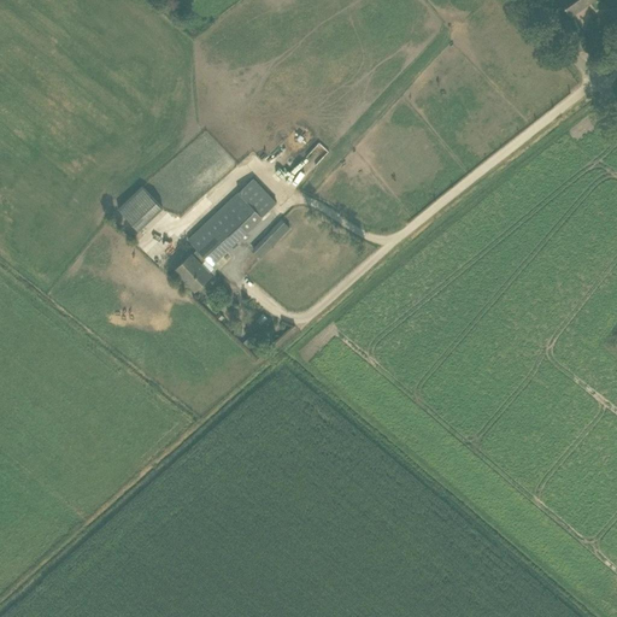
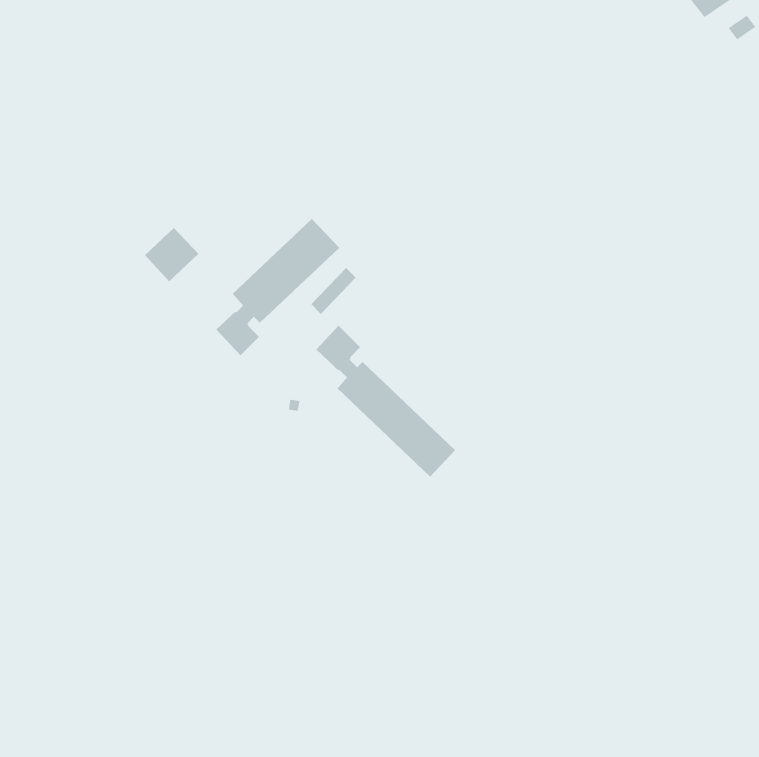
building: none -> [315,325,456,477]

